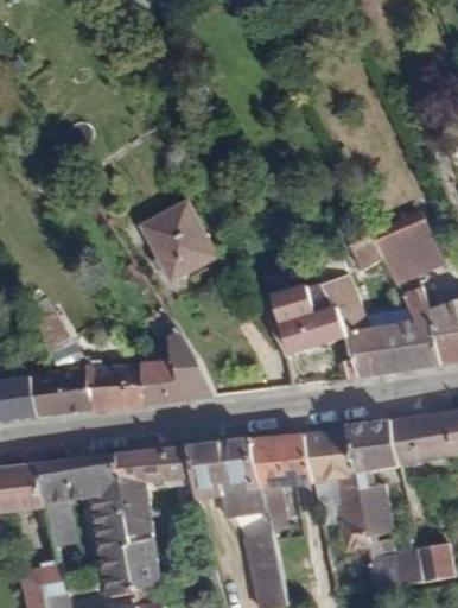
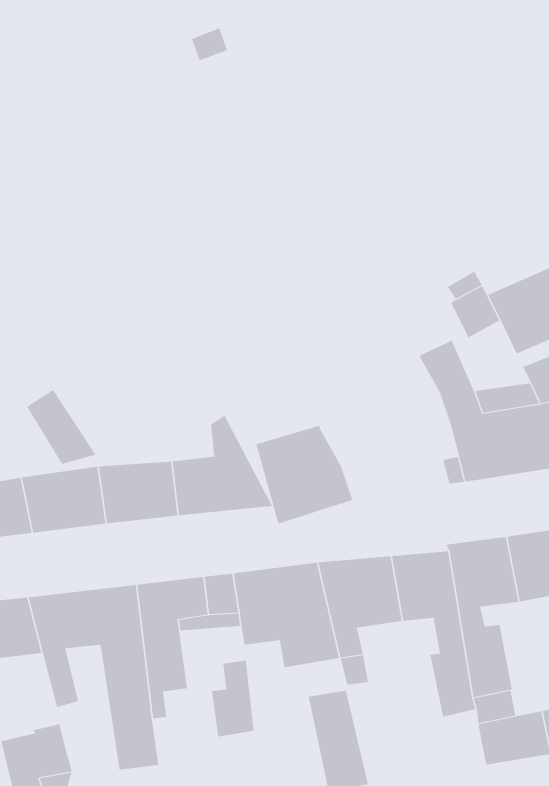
building: [144,201,216,279] -> none
building: [275,280,348,354] -> [255,425,353,524]
building: [127,531,159,588] -> [211,660,254,737]

